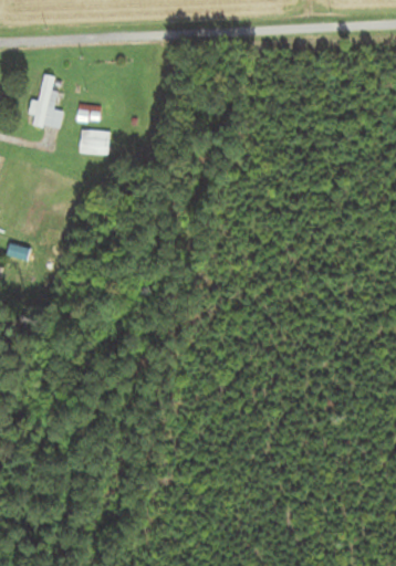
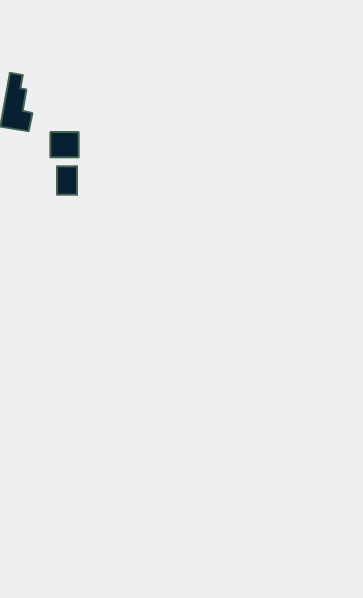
building: none -> [57,166,77,195]

